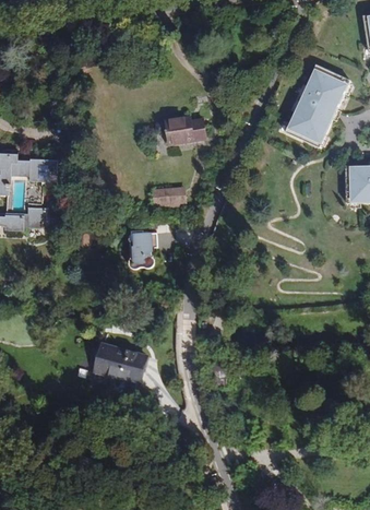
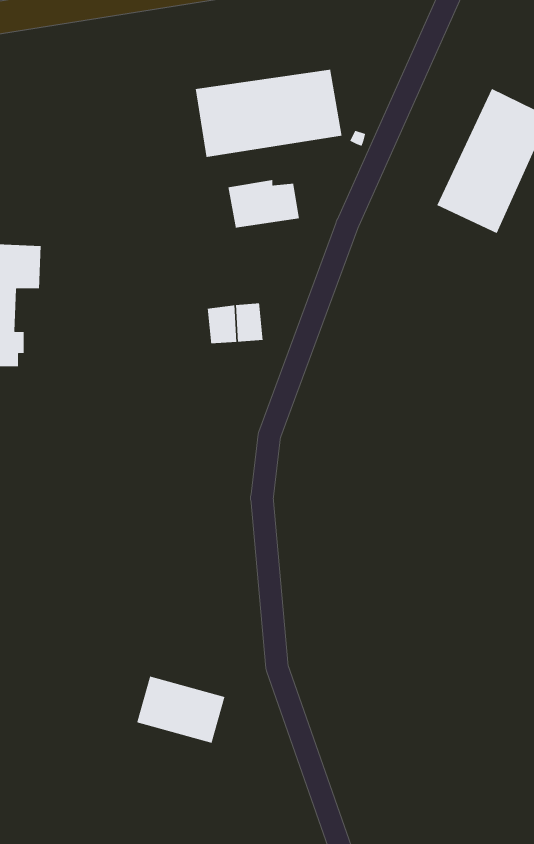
building: none -> [195,69,342,158]
building: [129,229,158,269] -> none
building: [95,343,146,382] -> [136,676,225,744]

